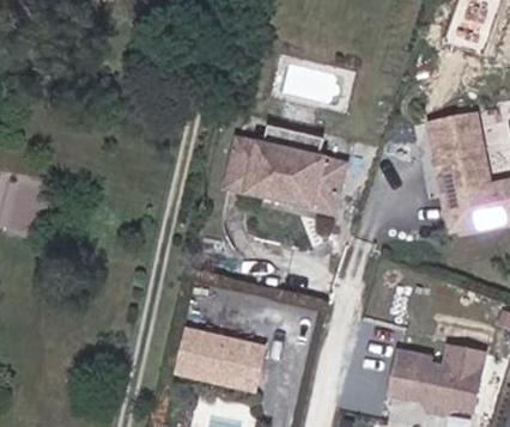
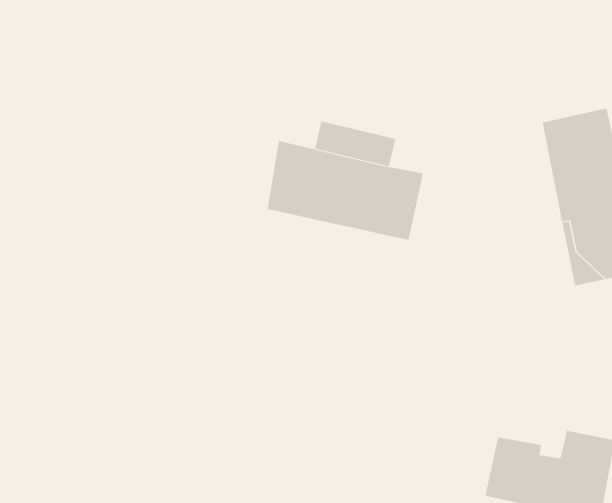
building: [176,324,265,384] -> none

